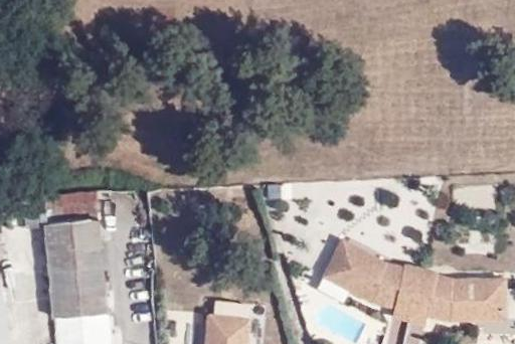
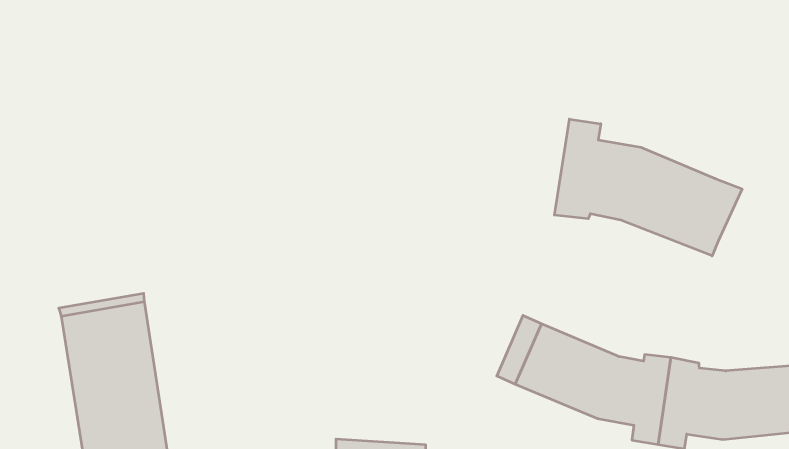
building: none -> [554,119,742,256]

